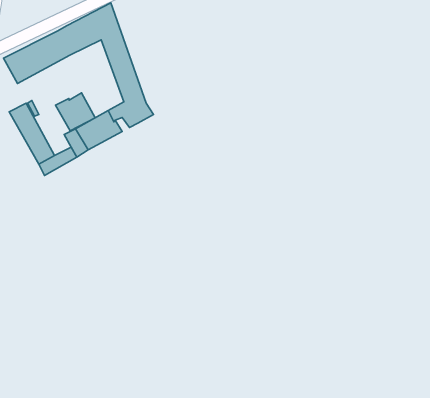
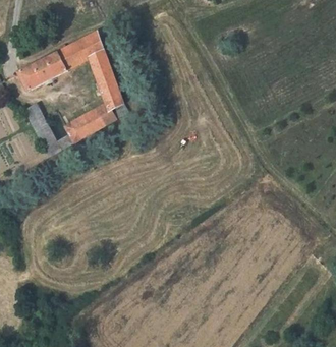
building: [55,93,95,131] -> none

